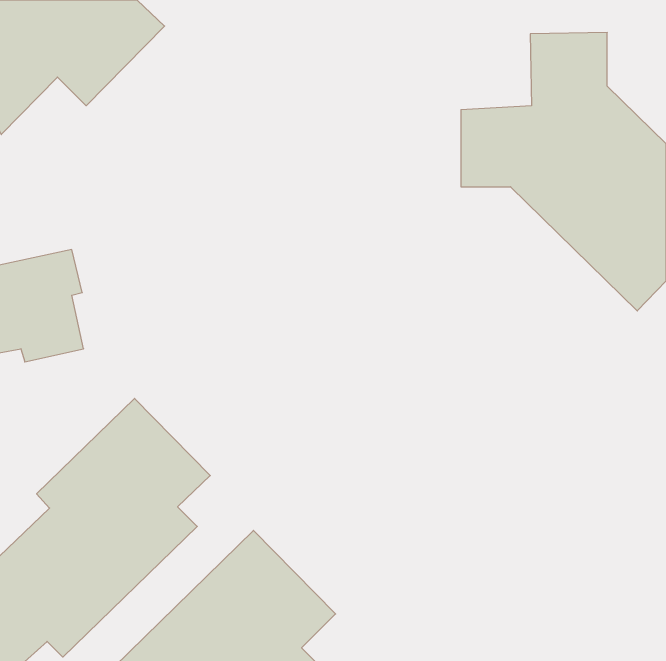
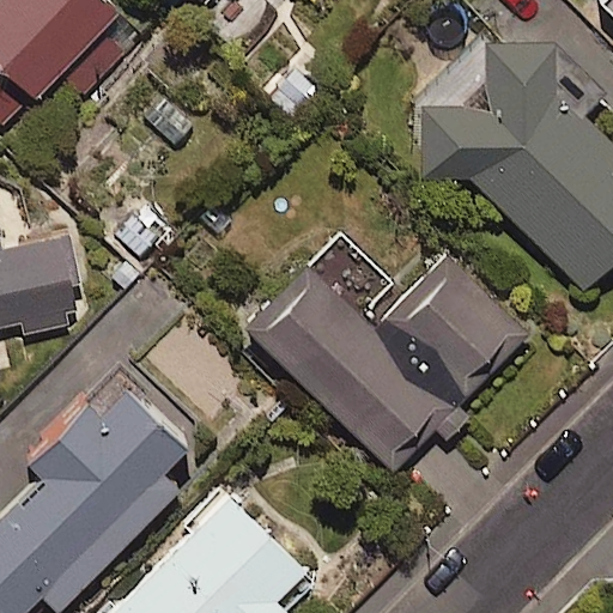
building: none -> [257,254,527,474]

